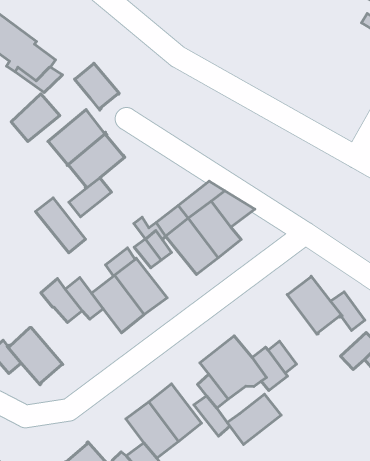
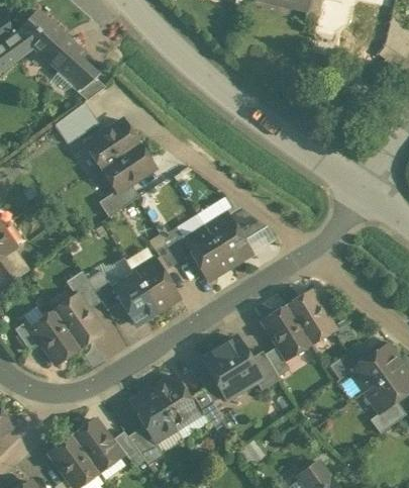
building: [75,63,119,110] -> none
building: [35,198,85,253] -> none
building: none -> [264,305,310,359]
building: none -> [54,295,102,348]
building: [227,394,281,444] -> none

